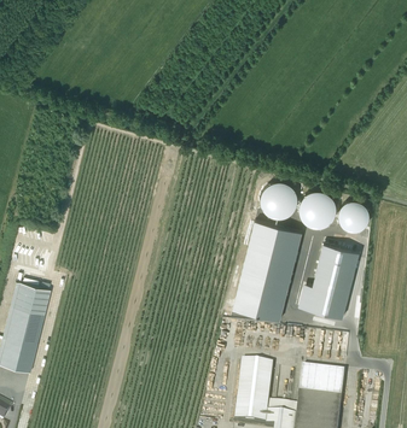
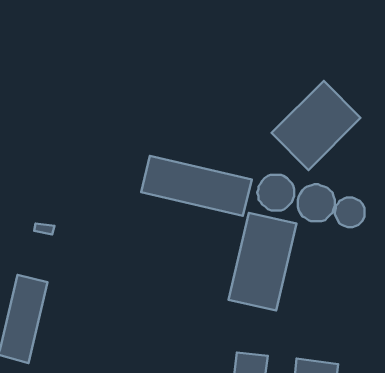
building: none -> [272,81,361,170]
building: none -> [141,156,252,216]
building: [308,244,357,317] -> none

